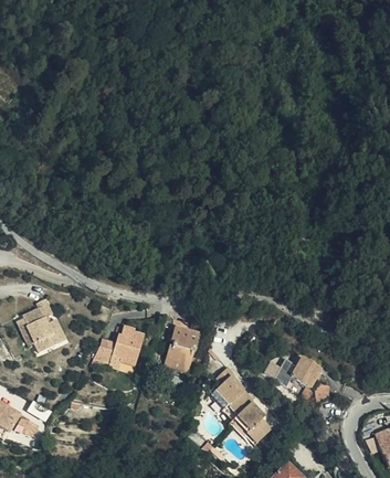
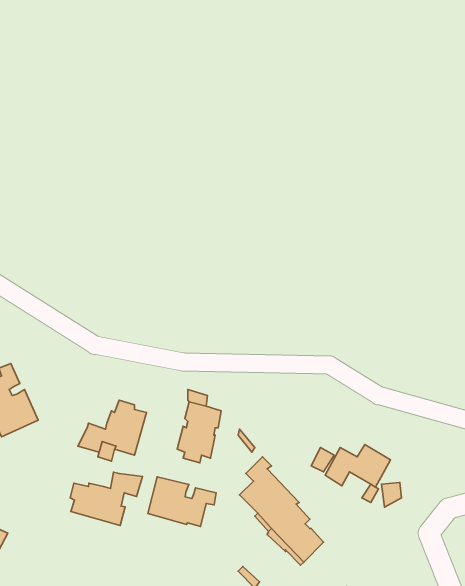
building: none -> [70,472,142,526]
building: none -> [148,477,216,526]

